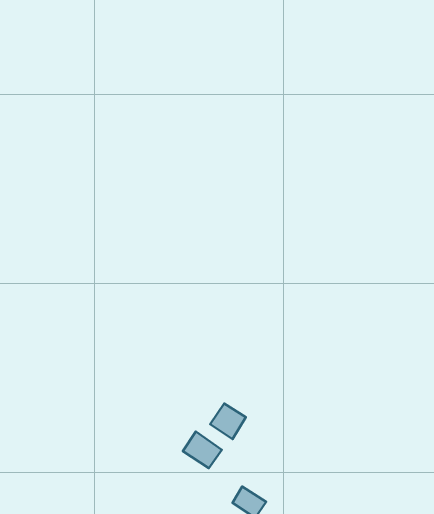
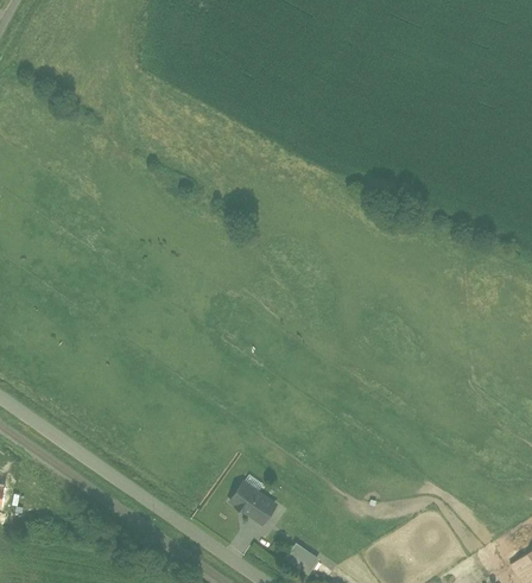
building: [210,403,246,439] -> none

